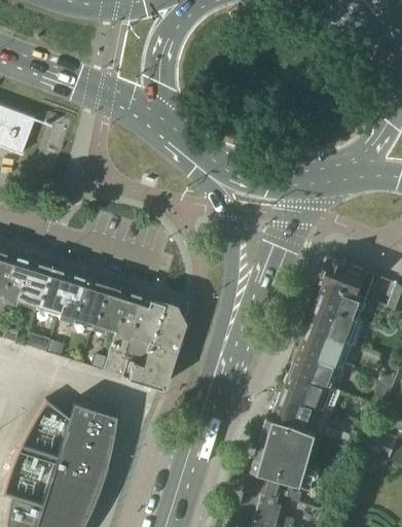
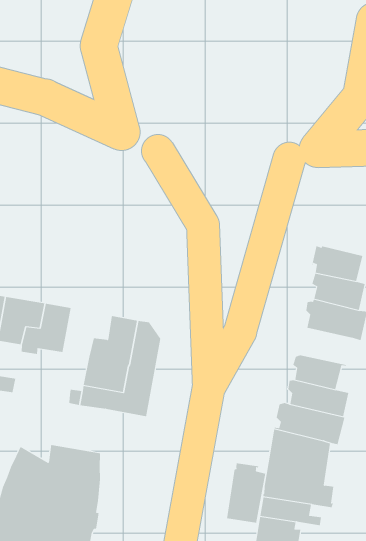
building: [90,286,140,337] -> none
building: [299,330,349,367] -> none
building: none -> [226,462,266,523]

